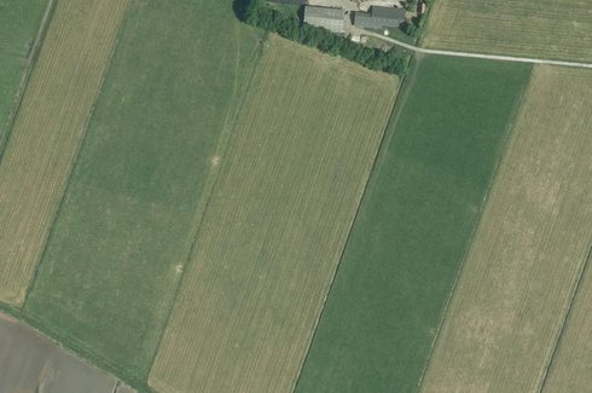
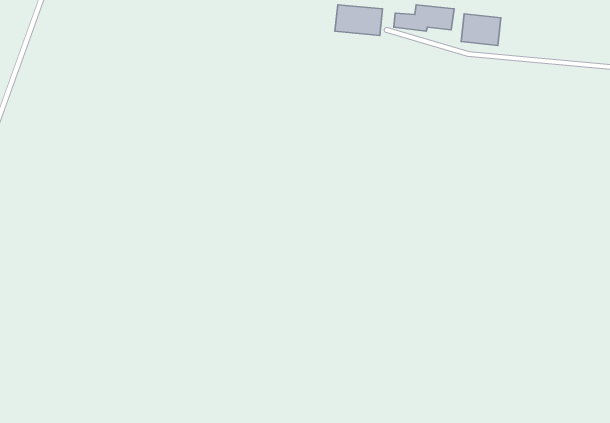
building: none -> [461,14,501,46]

